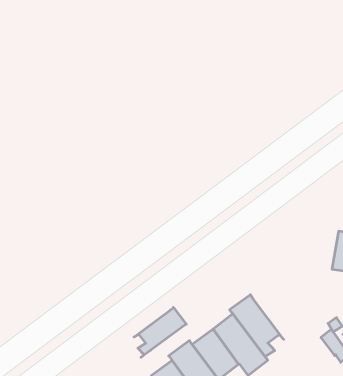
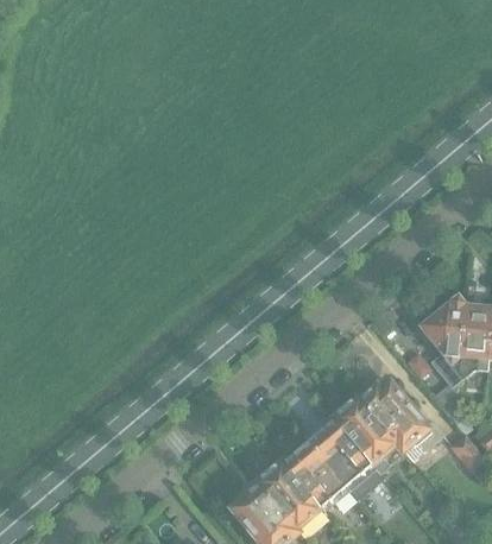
building: none -> [421,296,466,407]
building: none -> [359,382,443,450]
building: [134,307,186,357] -> none

